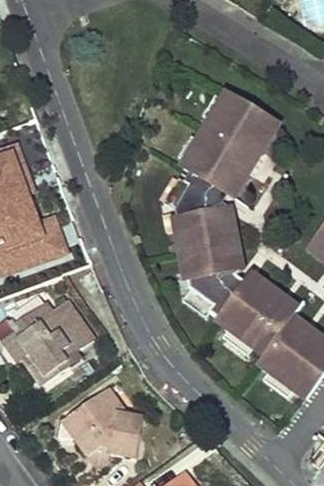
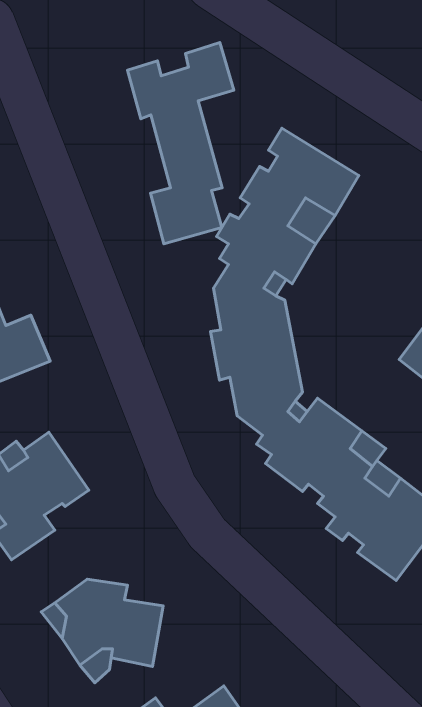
building: none -> [127,42,234,244]

